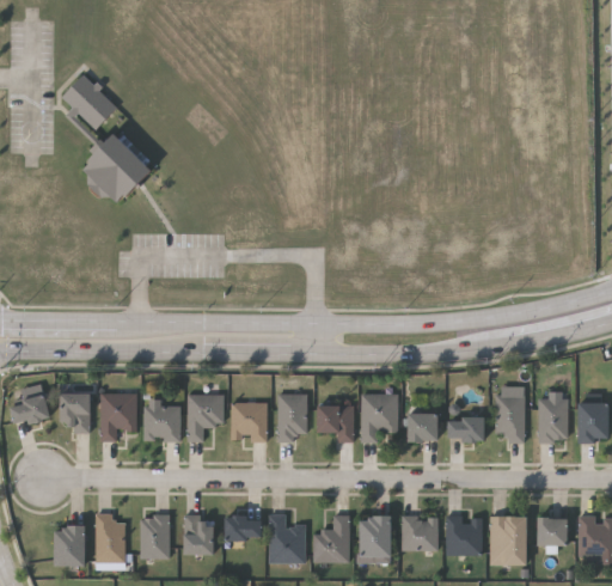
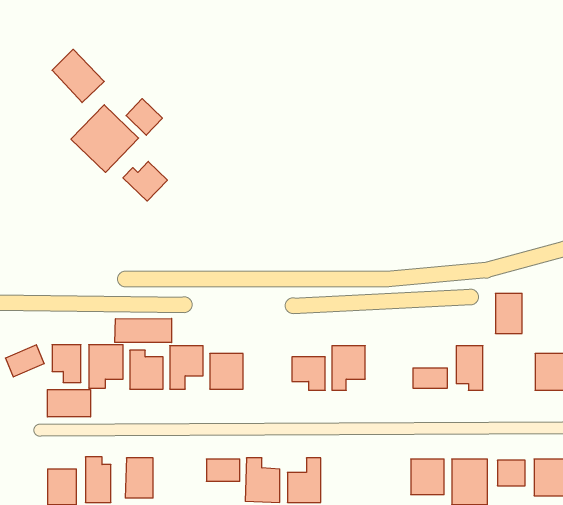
building: none -> [126,99,162,135]
building: none -> [123,161,167,201]
building: none -> [115,318,172,343]
building: [277,393,306,439] -> none
building: [538,398,567,441] -> [495,293,522,333]
building: [409,413,439,440] -> none
building: none -> [47,390,90,417]
building: [402,515,437,550] -> none
building: [184,517,215,554] -> none
building: [361,517,392,556] -> none

